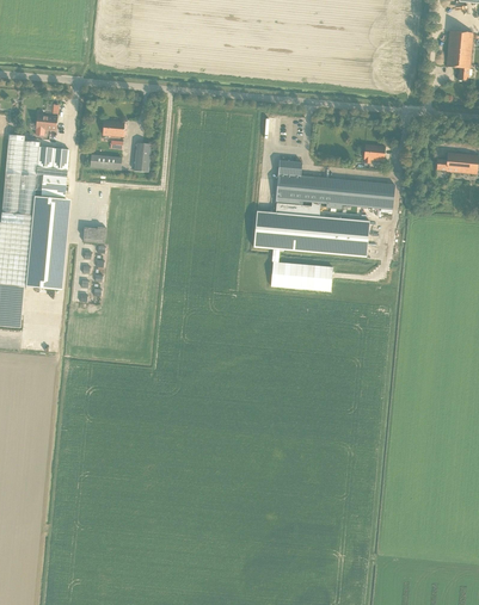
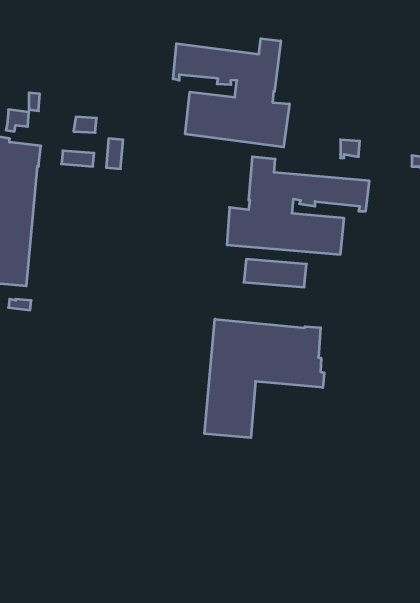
building: none -> [173,39,289,147]
building: none -> [205,319,324,438]

